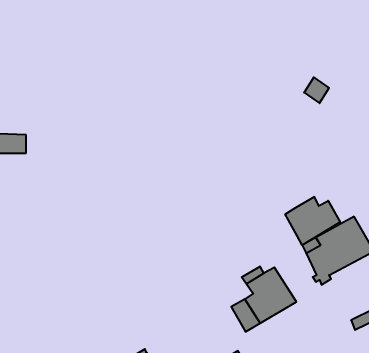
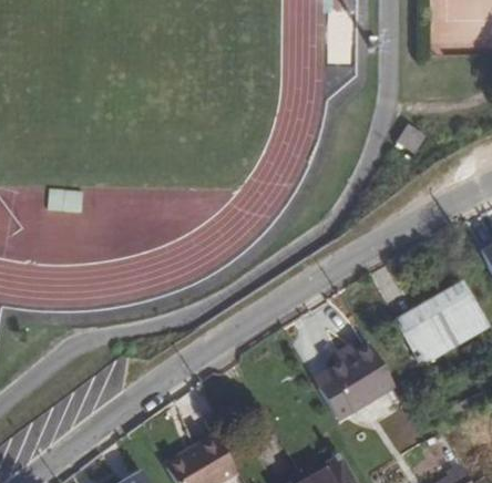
building: [285,197,340,245] -> none

